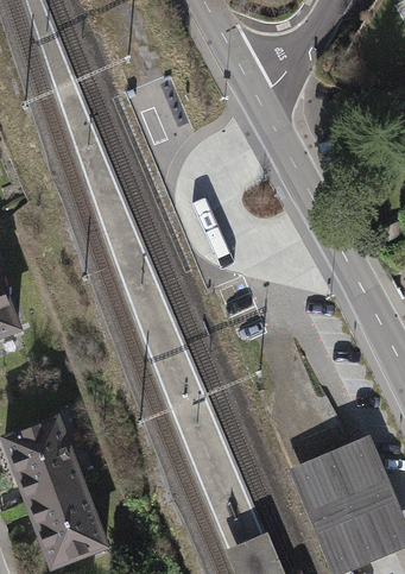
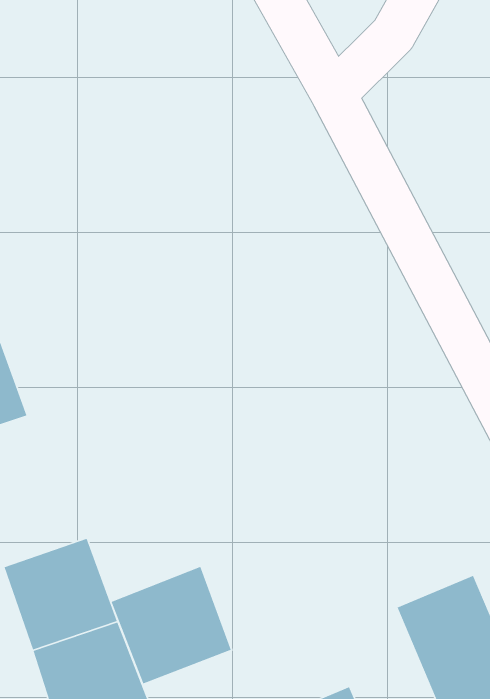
building: none -> [110,566,232,685]

